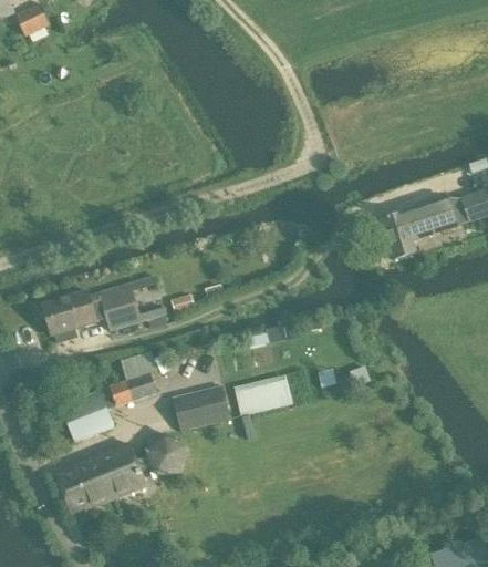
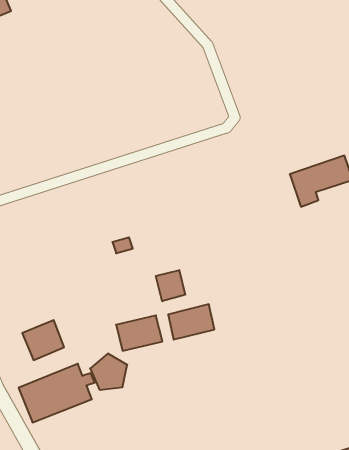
building: [42,277,165,341] -> none
building: none -> [156,270,185,301]
building: [111,353,158,405] -> none

